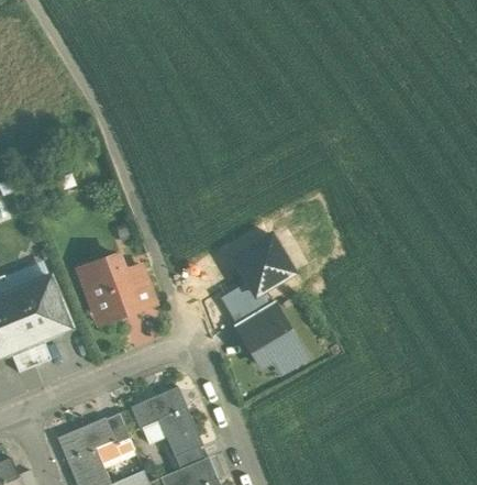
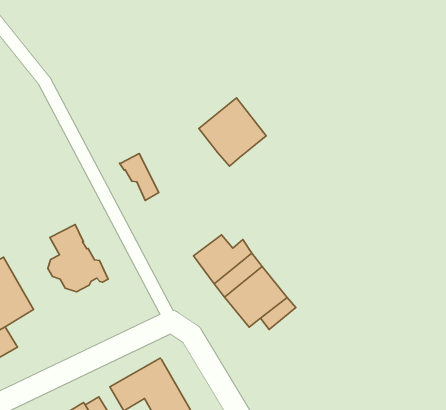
building: [233,235,292,296] -> [199,98,266,166]
building: [122,266,154,309] -> [120,153,159,200]

